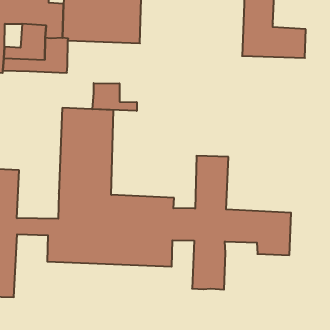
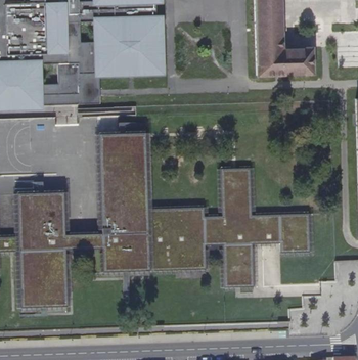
building: [93,83,137,111] -> none

